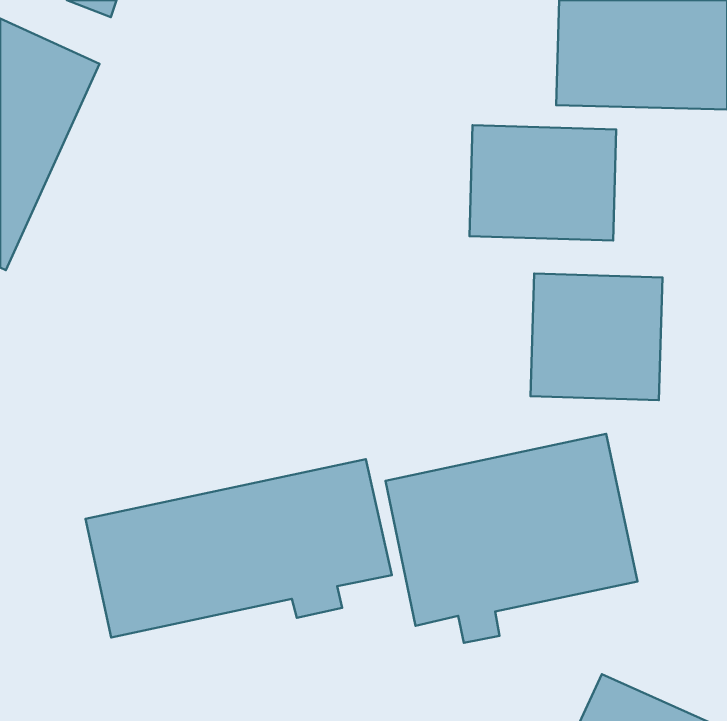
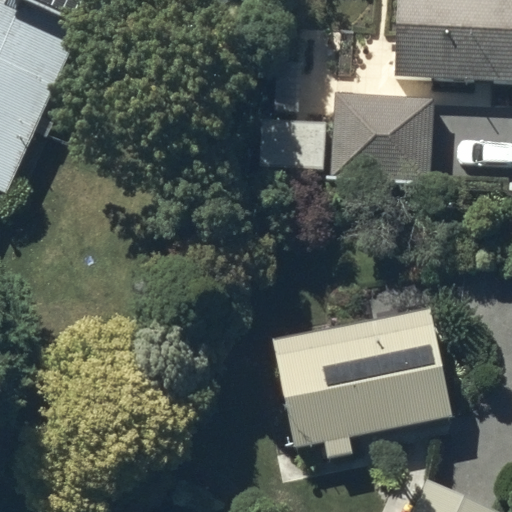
building: [531,273,662,400] -> none
building: [86,459,392,638] -> none

